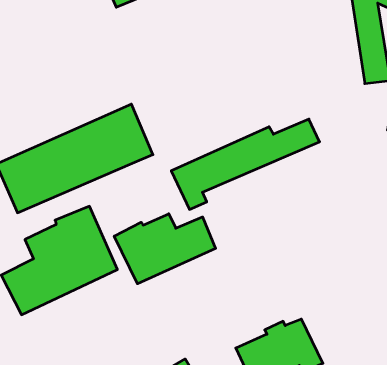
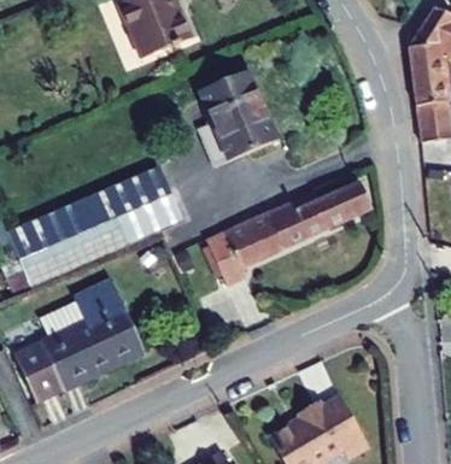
building: none -> [199,69,277,164]
building: [114,214,216,284] -> none

